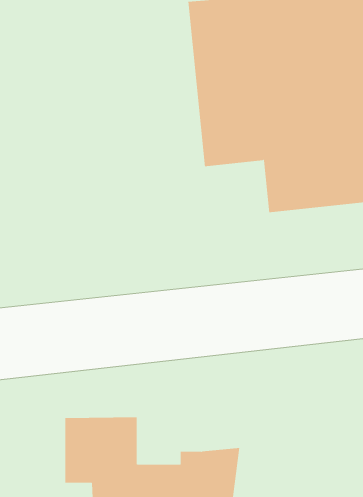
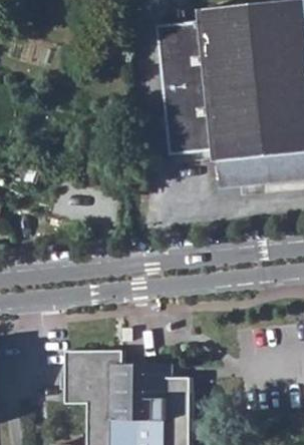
building: none -> [117,365,168,388]

